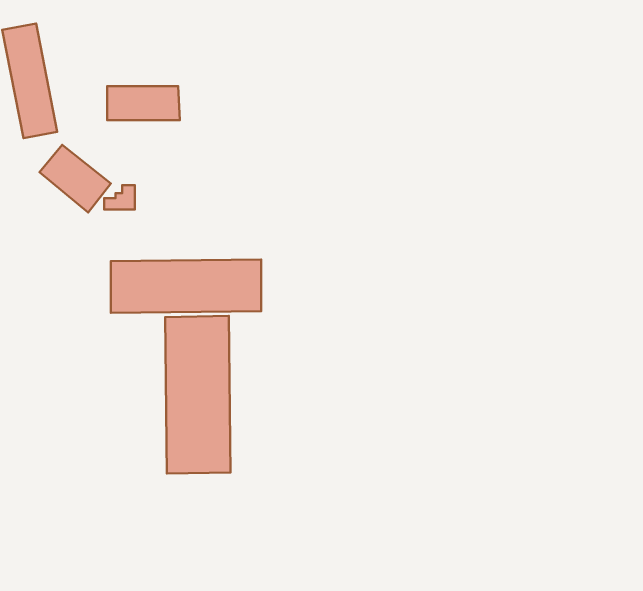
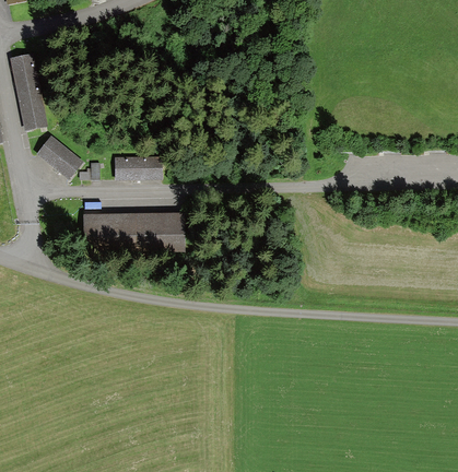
building: [107,86,180,120] -> [113,155,162,178]
building: [165,316,230,474] -> none

